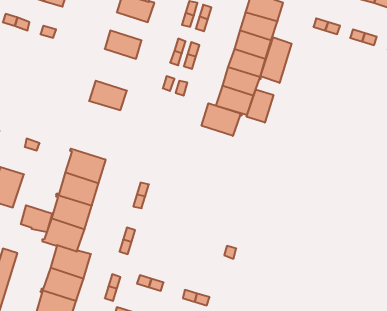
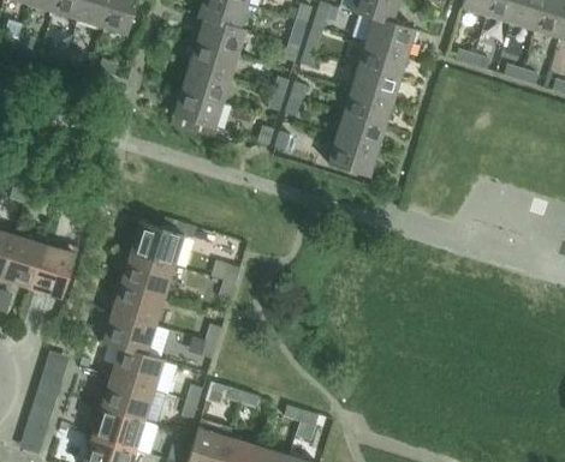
building: none -> [189,42,238,79]
building: [259,37,292,83] -> none
building: [89,81,127,110] -> [173,90,222,128]
building: [247,90,273,123] -> none
building: [202,103,242,136] -> none
building: [21,205,52,232] -> none

